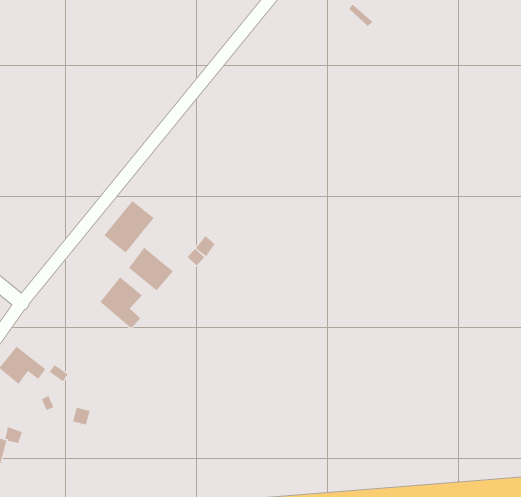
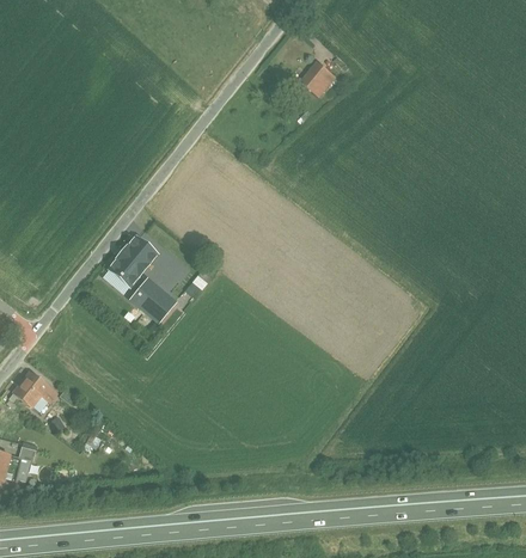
building: none -> [301,60,336,94]
building: [100,277,143,329] -> none

